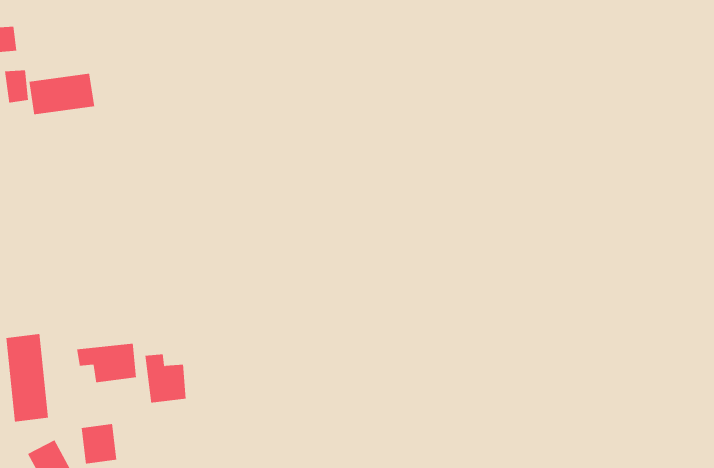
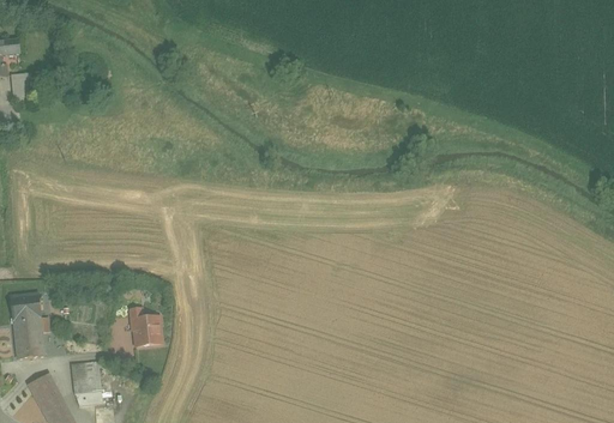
building: [29,73,95,115] -> none
building: [77,343,137,383] -> none

